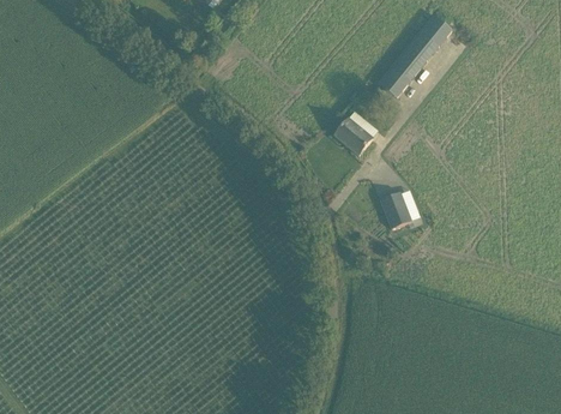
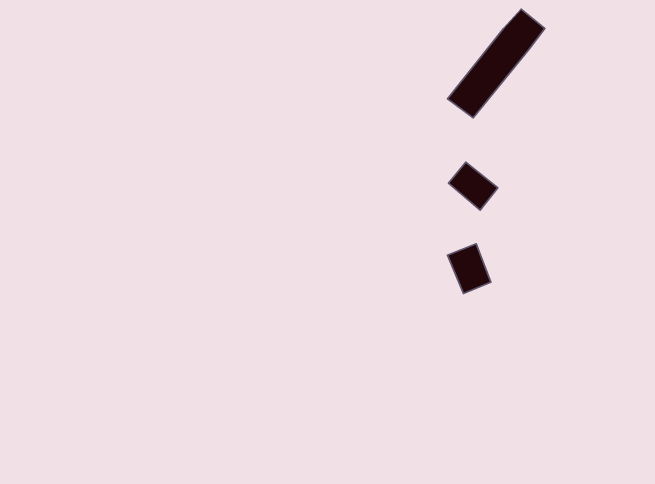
building: [334,118,372,154] -> [448,162,498,210]

